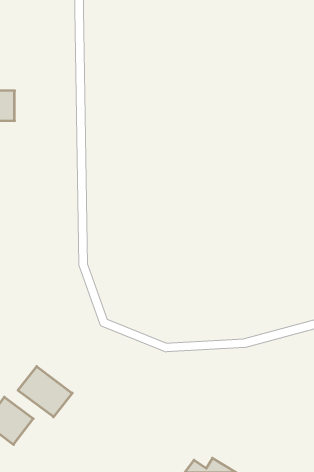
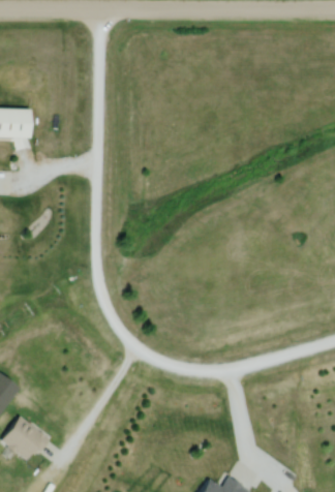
building: [18,366,72,417] -> none

